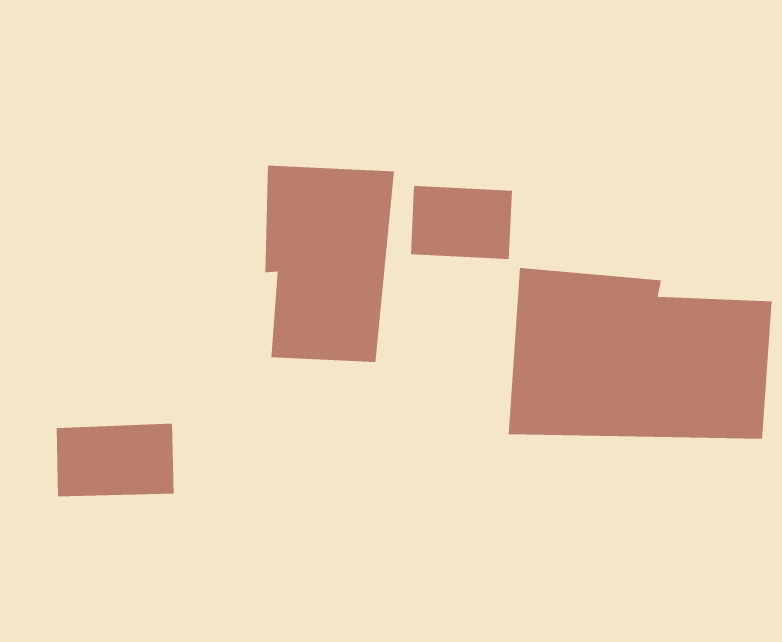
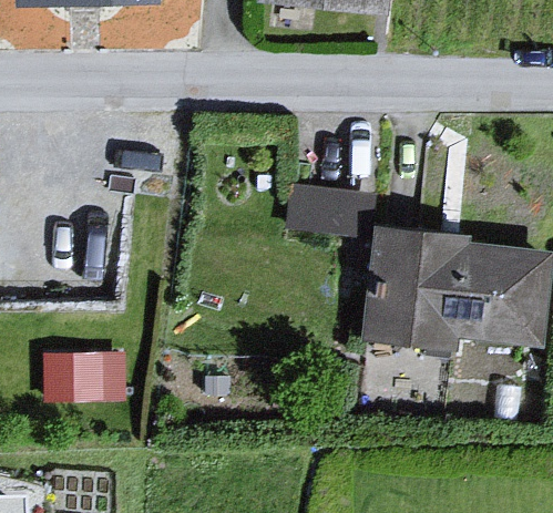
building: [265,165,394,363] -> none

